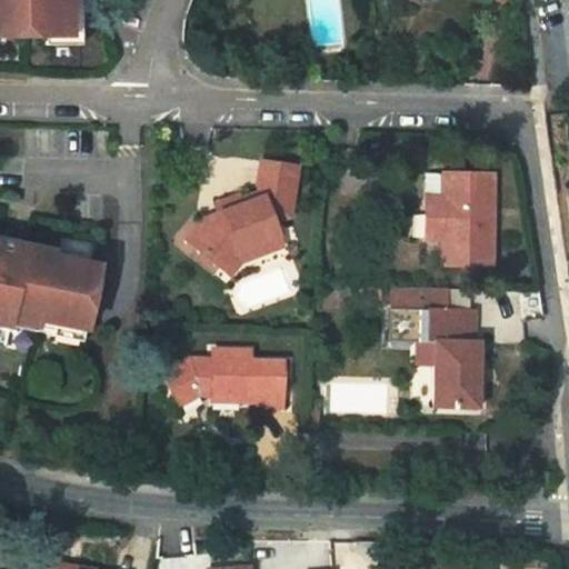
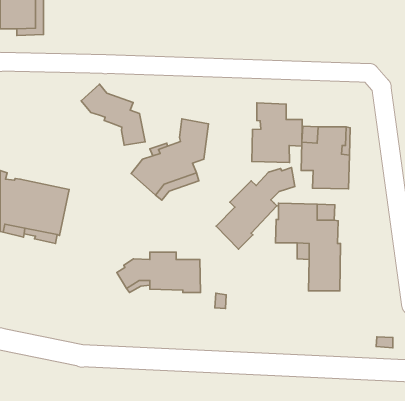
building: none -> [81,84,145,145]
building: none -> [252,103,302,162]
building: none -> [216,168,295,249]

